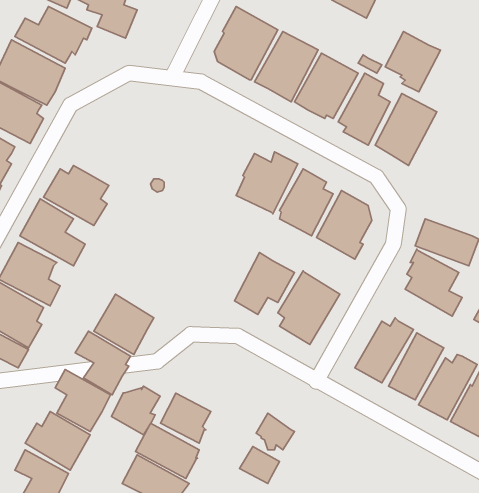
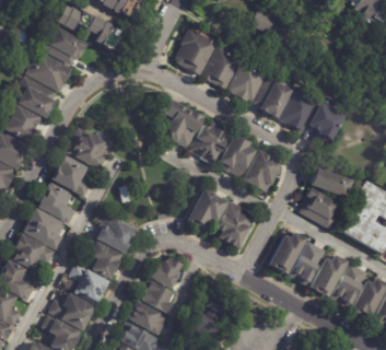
building: [385,32,440,92] -> [308,104,344,143]
building: none -> [162,100,201,148]
building: [112,386,160,435] -> [150,258,182,290]

